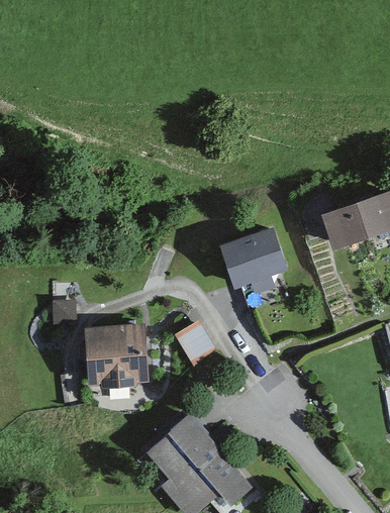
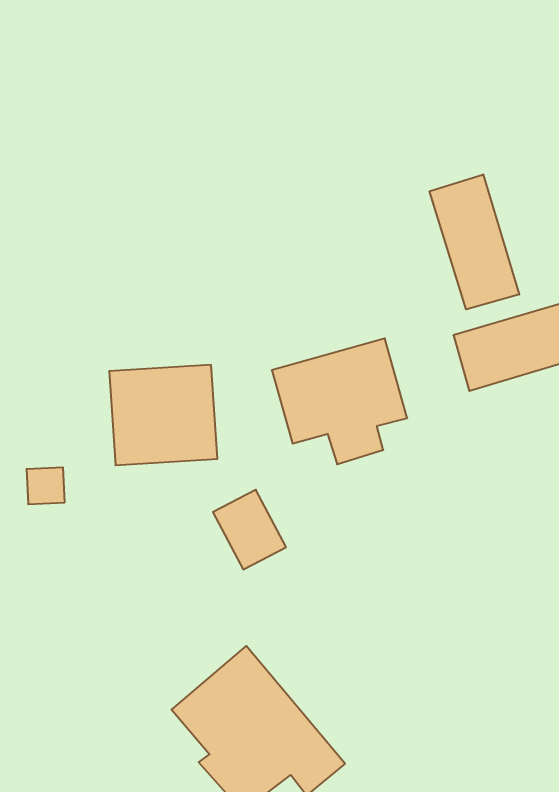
building: none -> [430,174,519,309]
building: [79,323,148,387] -> [109,365,217,465]

